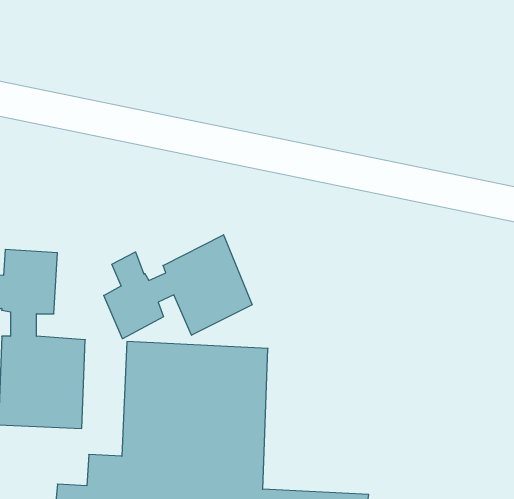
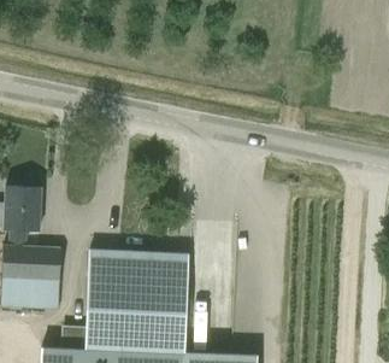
building: [104,235,252,339] -> none

